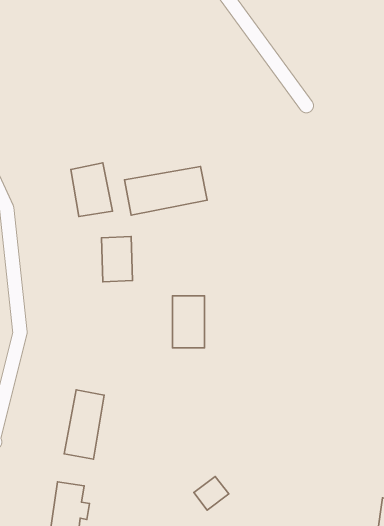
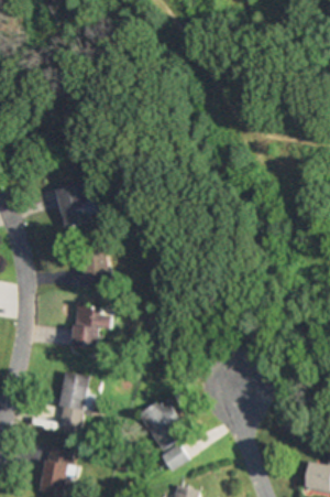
building: [125,167,207,215] -> none
building: [172,296,205,348] -> [74,305,100,348]
building: none -> [138,401,184,452]

